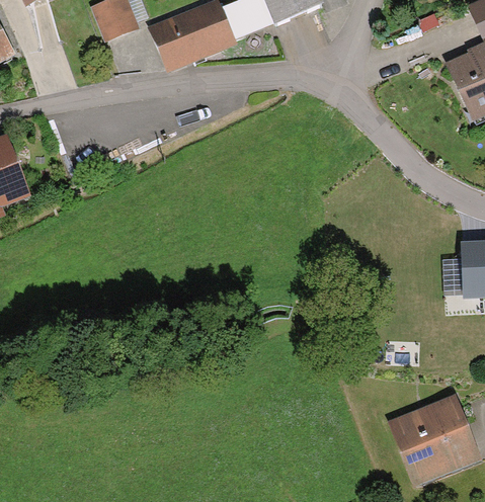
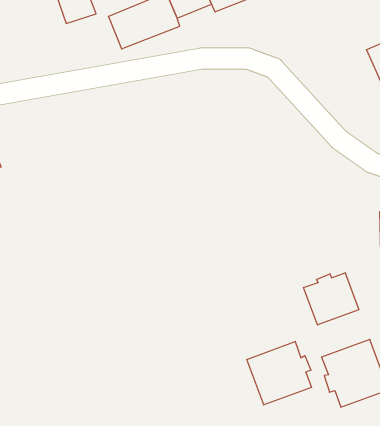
building: none -> [304,273,359,325]
building: none -> [247,341,311,405]

